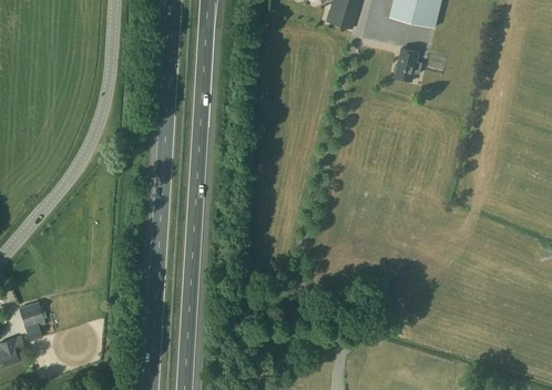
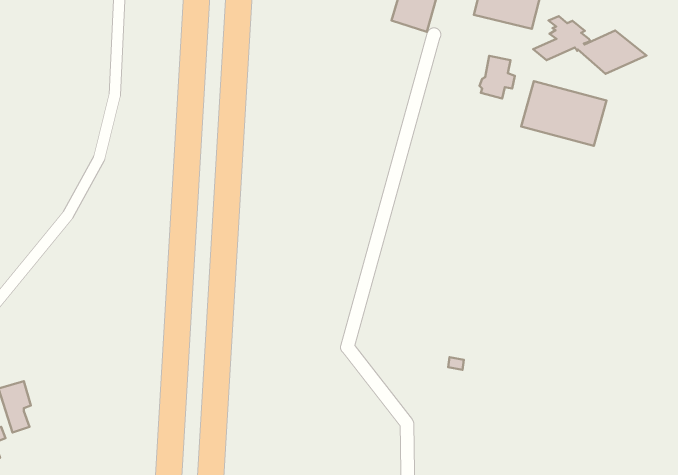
building: none -> [533,16,647,74]
building: none -> [521,81,607,146]

